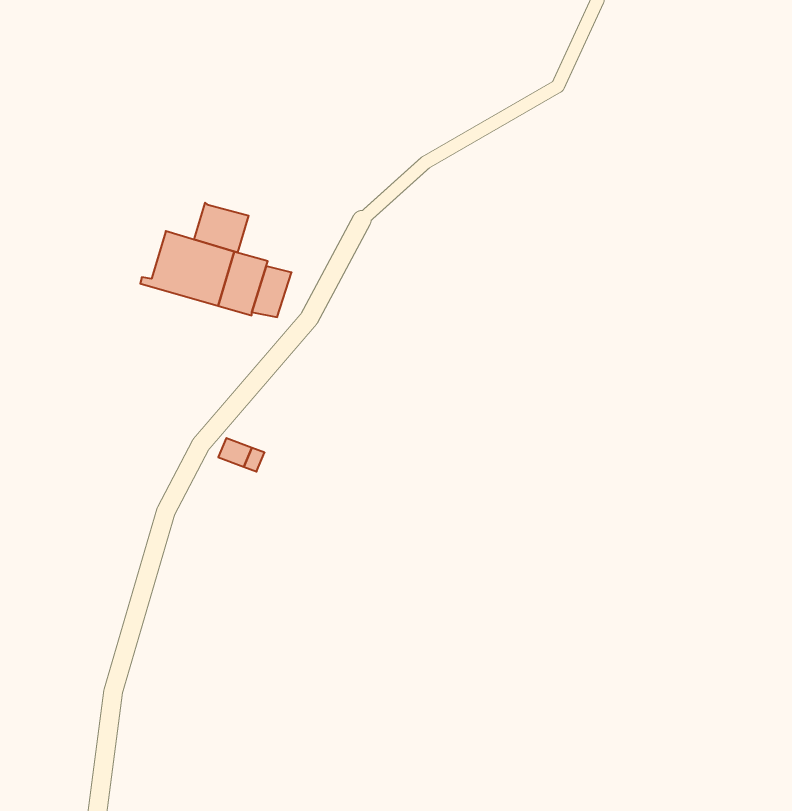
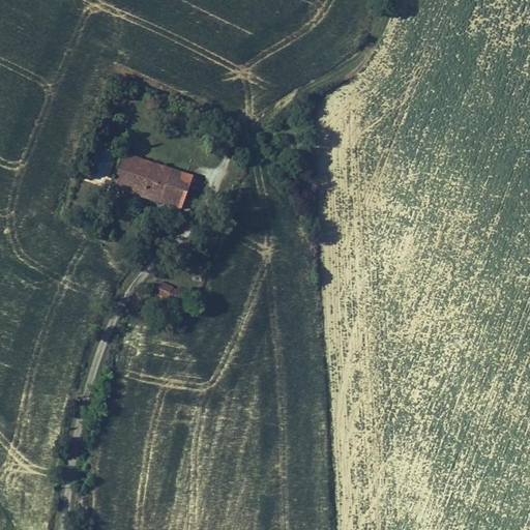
building: [194,203,249,252] -> none

